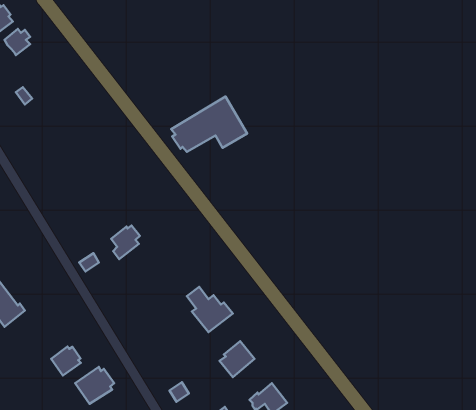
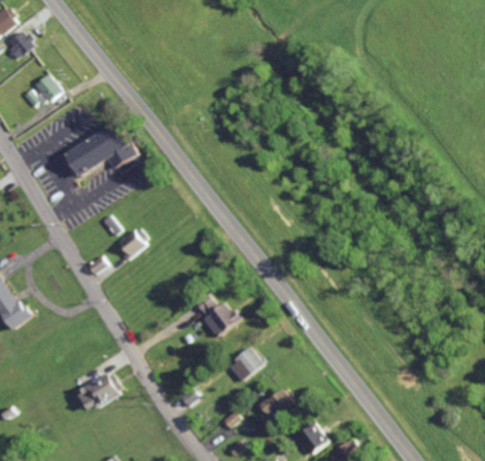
building: none -> [34,75,62,104]
building: [171,96,247,152] -> [66,123,142,179]
building: [51,346,81,375] -> none

